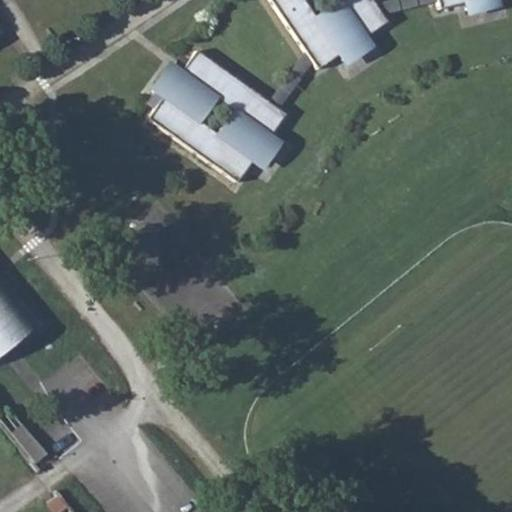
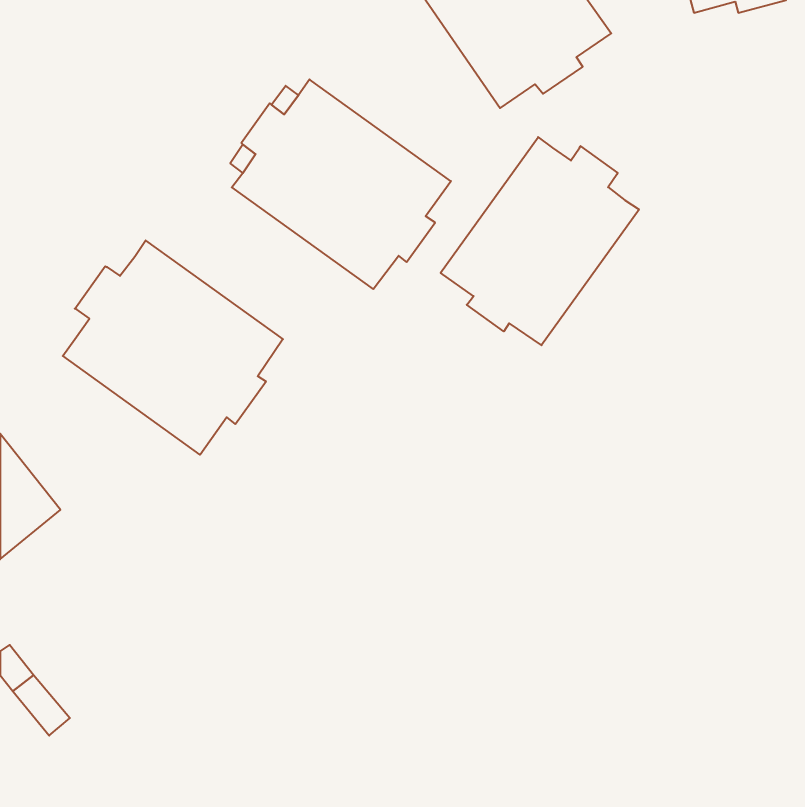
building: none -> [441,137,639,345]
building: none -> [63,240,283,455]

